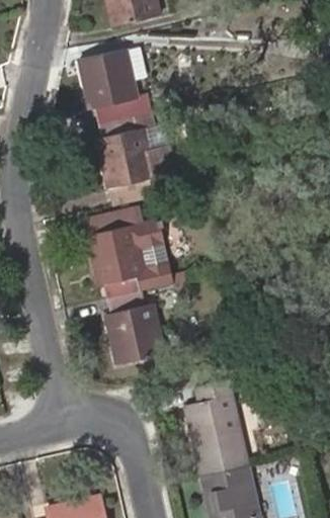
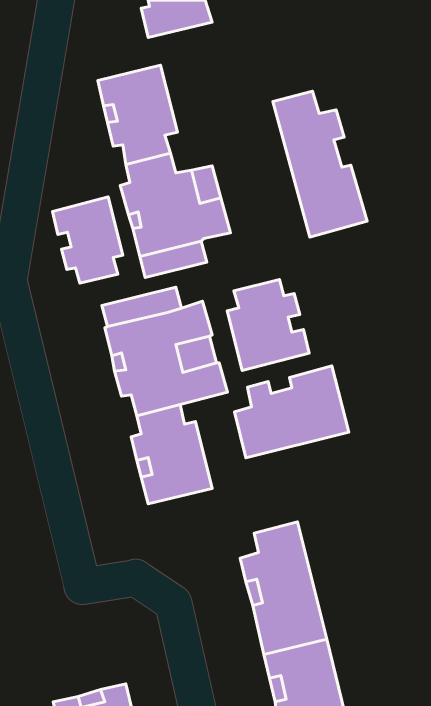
building: none -> [273,91,367,237]
building: none -> [52,197,123,283]
building: none -> [227,280,309,370]
building: none -> [235,366,349,458]

